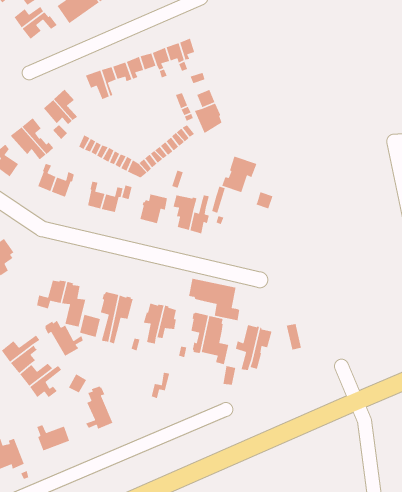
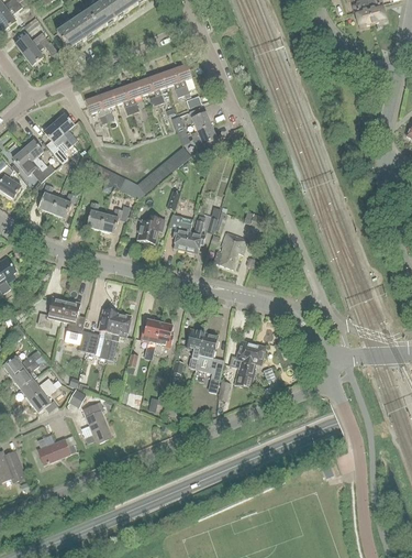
building: [221,156,258,193] -> [213,231,248,267]
building: [188,278,240,321] -> none
building: [44,320,84,357] -> none

